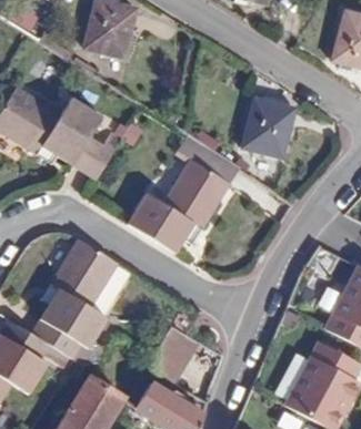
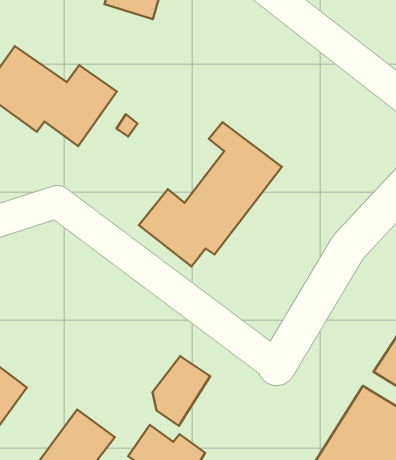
building: [243,99,294,157] -> none
building: [32,238,118,366] -> none

